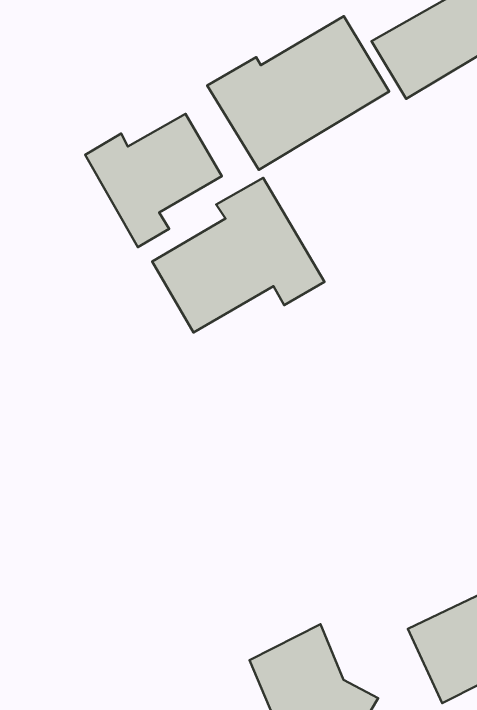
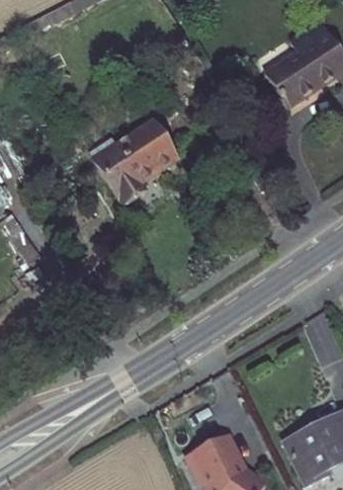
building: [207,16,389,170] -> none
building: [152,178,324,333] -> none

